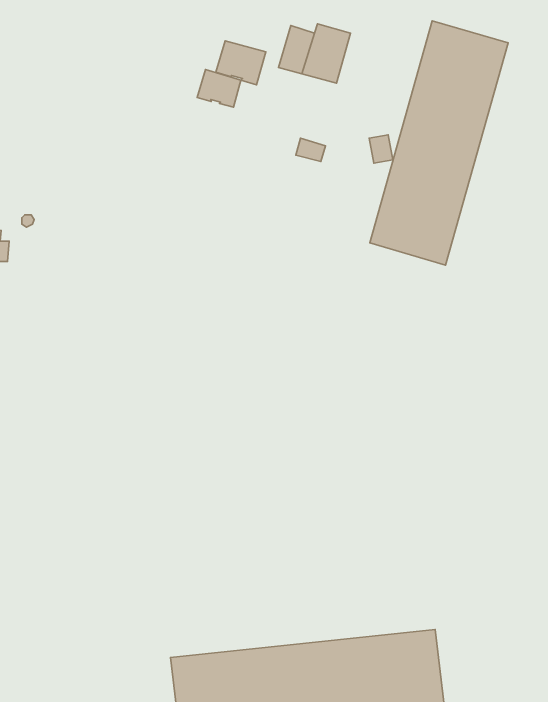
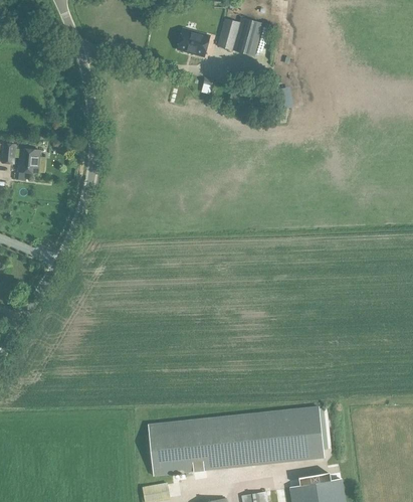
building: [370,21,508,265] -> none
building: [197,69,241,107] -> none

